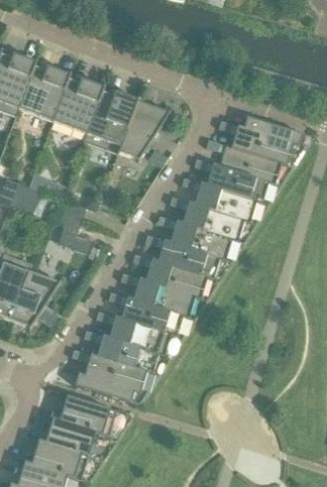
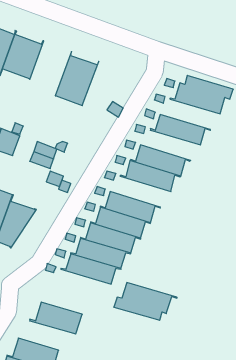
building: [51,73,103,140] -> none
building: [116,98,169,159] -> none
building: [212,144,286,181] -> none
building: [188,182,261,220] -> none
building: [150,239,225,277] -> none
building: [74,354,151,400] -> [114,283,177,320]
building: [37,417,108,454] -> none

